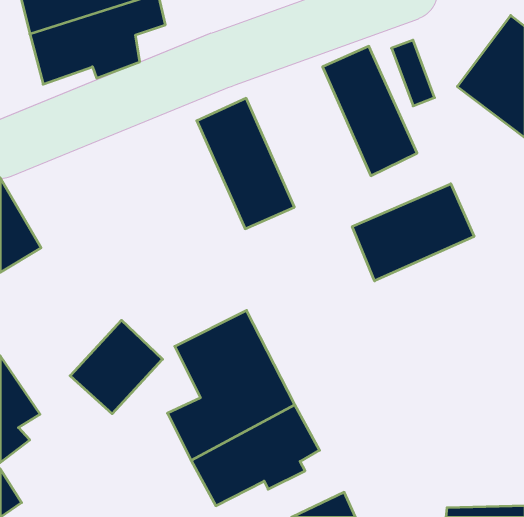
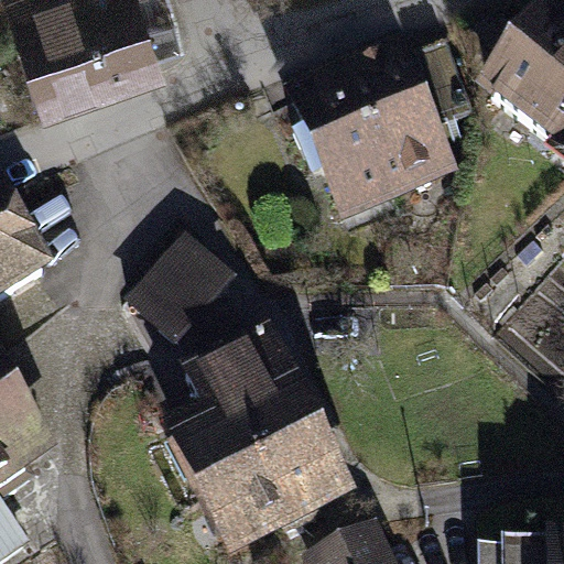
building: [197,98,294,229] -> [294,72,399,212]
building: [352,184,474,281] -> none
building: [70,320,163,414] -> [131,236,230,336]

